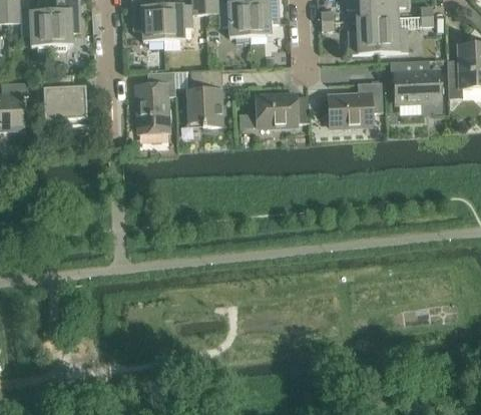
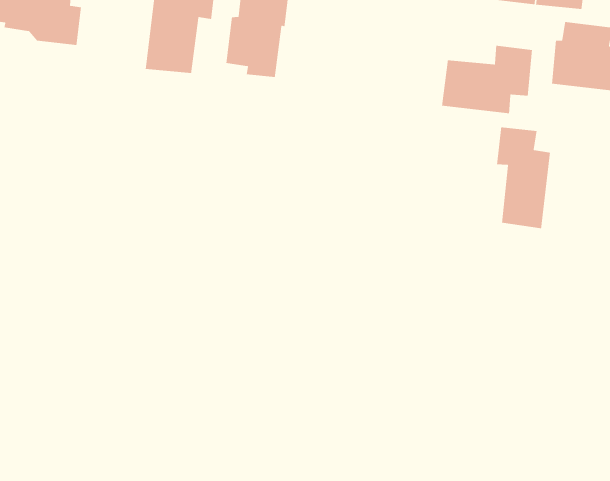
building: [256,93,309,127] -> none
building: none -> [496,126,551,229]

